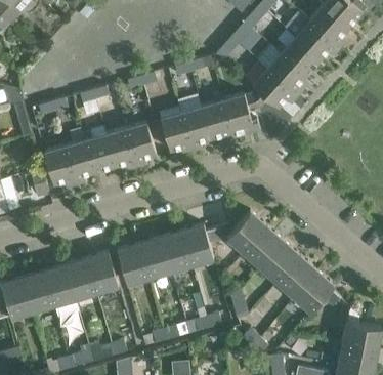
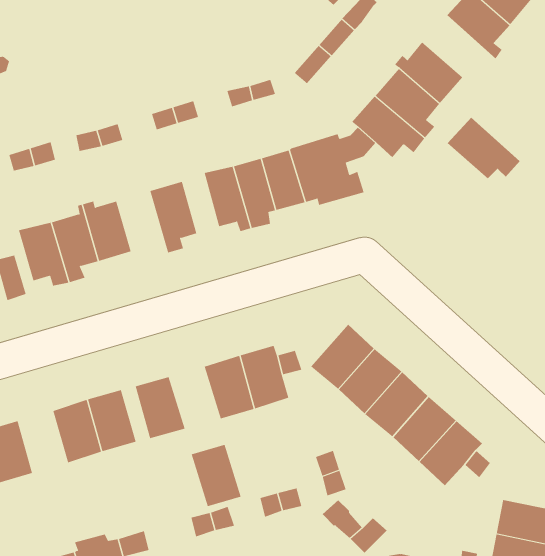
building: [296,18,342,57] -> [447,117,521,179]
building: [105,128,137,170] -> none
building: [138,238,170,277] -> [191,444,242,507]
building: [44,265,75,304] -> none

